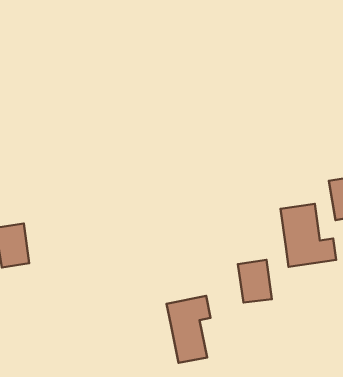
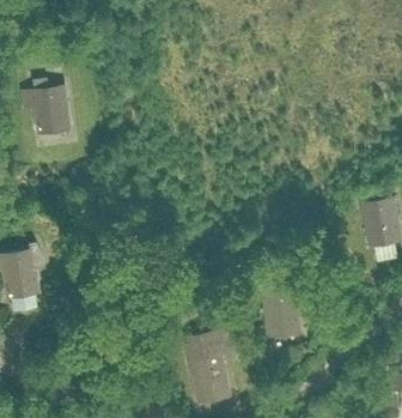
building: none -> [34,86,69,133]
building: [281,204,336,267] -> none

